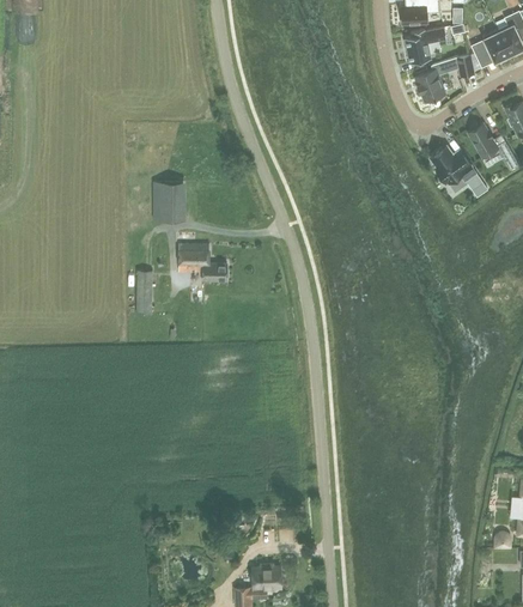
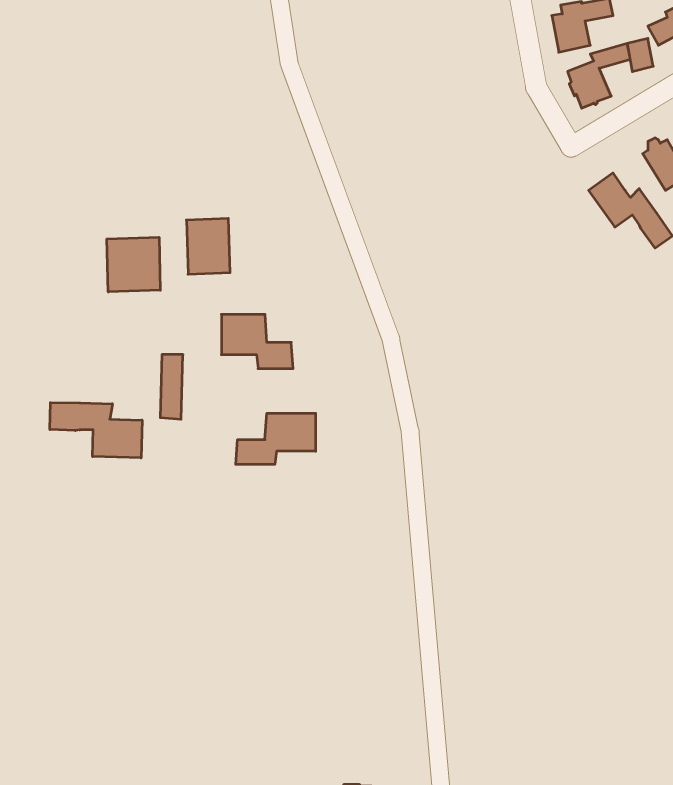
building: none -> [107,237,160,292]
building: none -> [50,403,142,458]
building: none -> [236,413,316,464]

